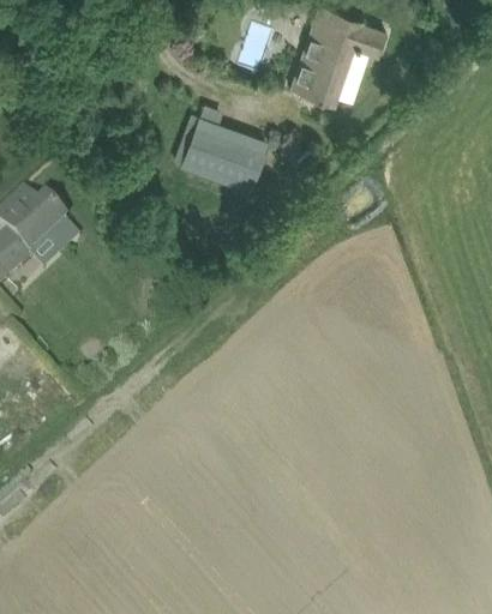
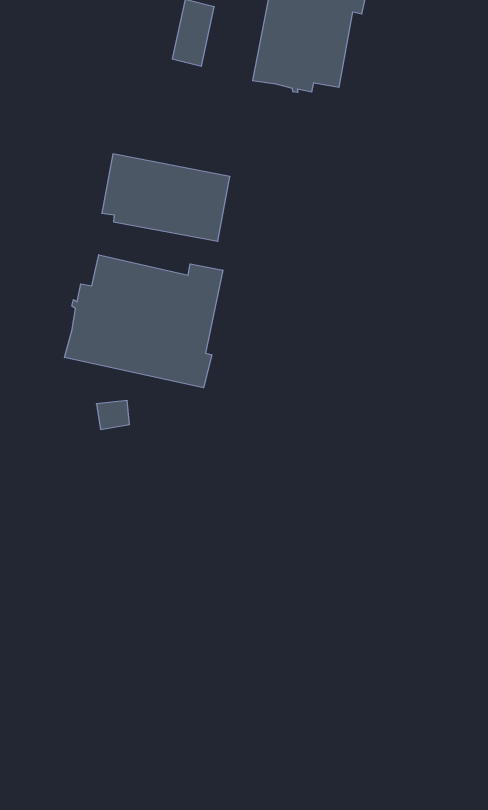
building: none -> [65,255,223,388]

